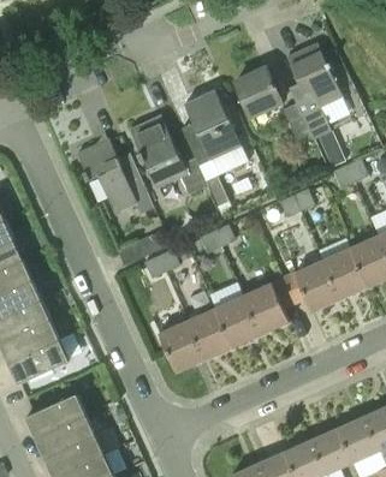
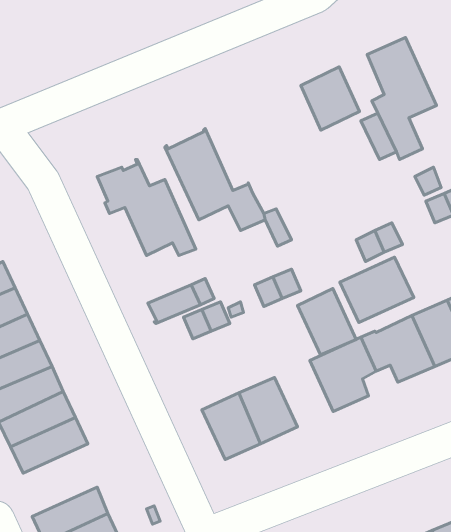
building: [185,89,240,165] -> none
building: none -> [340,257,414,322]
building: [215,294,261,346] -> [297,288,356,355]

